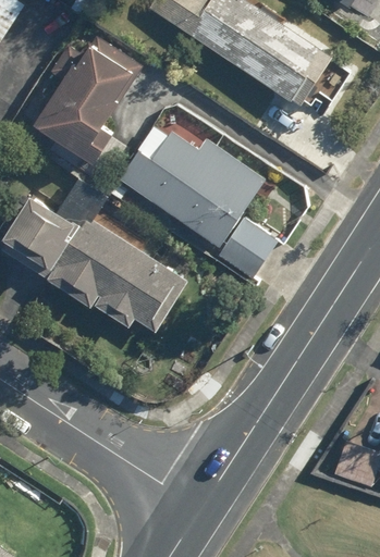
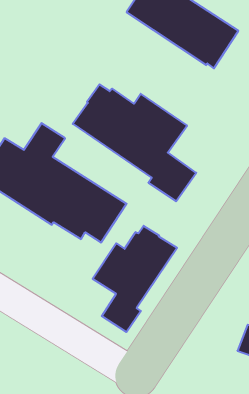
building: [34,37,143,165] -> none
building: none -> [93,226,177,332]

